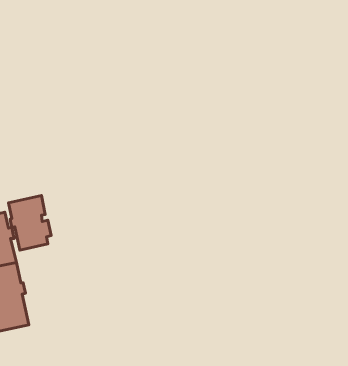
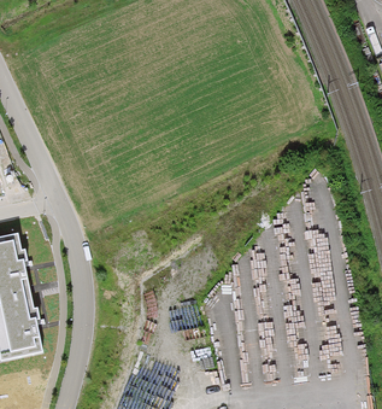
building: [9,195,51,250] -> none

